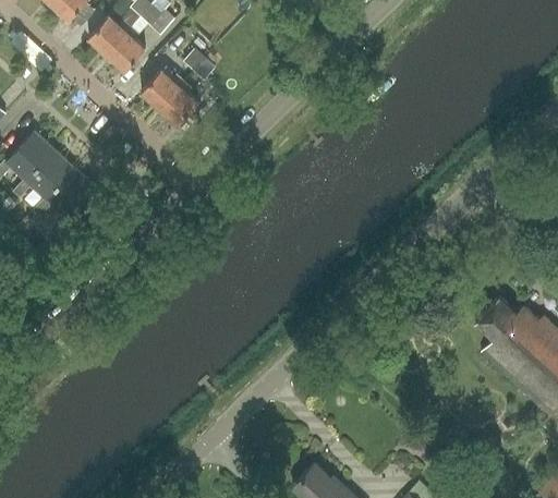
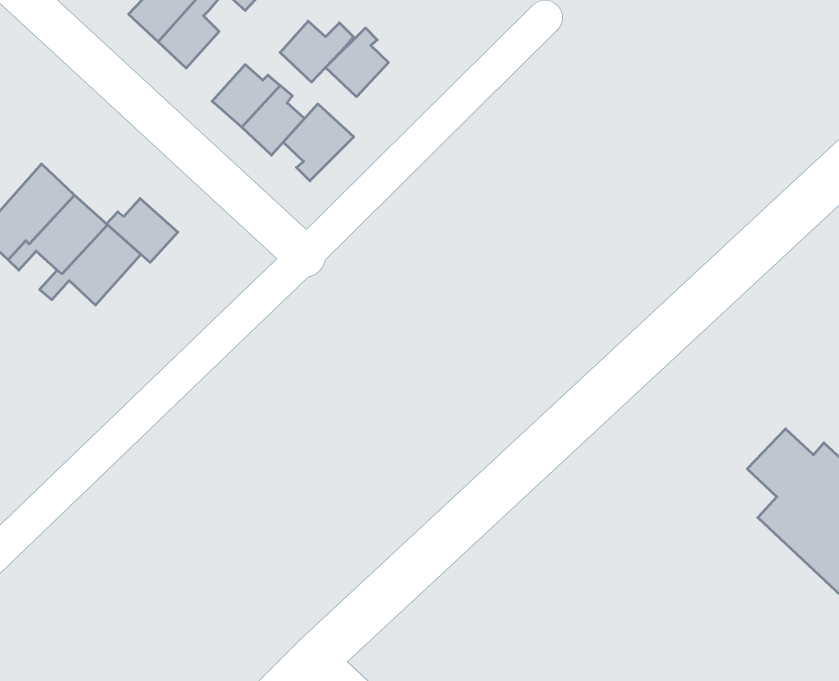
building: none -> [325,28,388,97]
building: none -> [283,104,354,181]
building: none -> [106,198,178,262]

